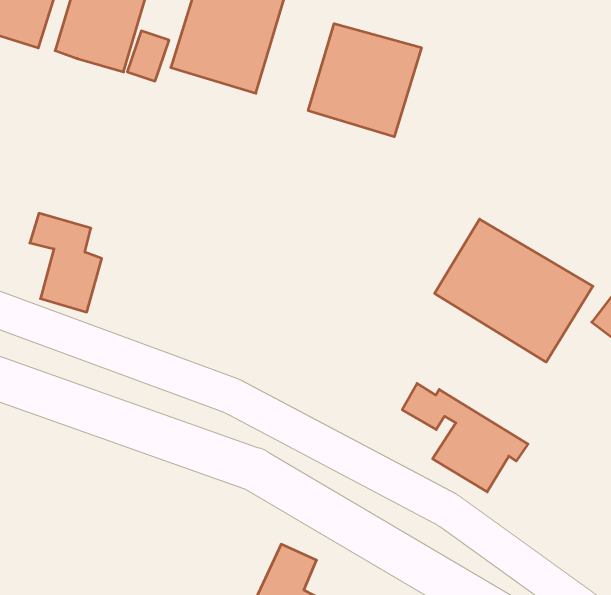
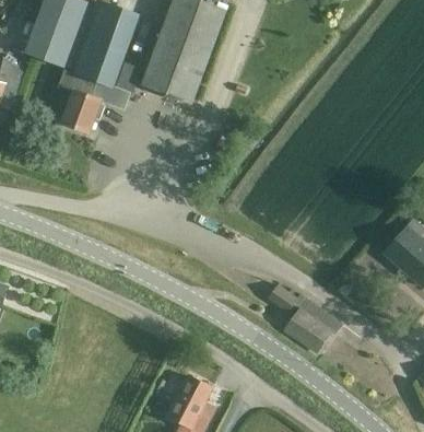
building: [308,24,421,137] -> none
building: [30,213,102,312] -> [58,70,101,131]
building: [435,219,593,362] -> none

